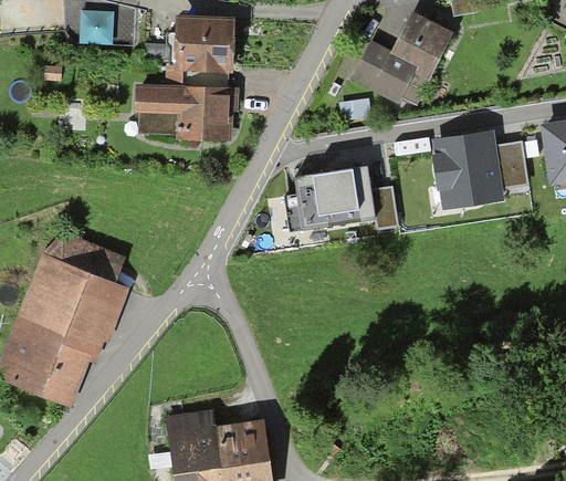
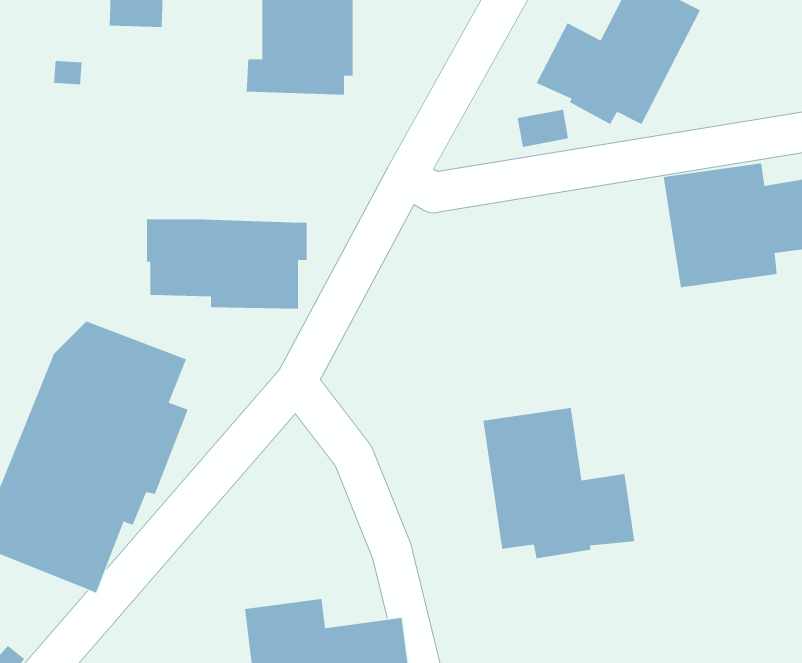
building: [136,85,239,143] -> [146,219,308,309]
building: [283,164,398,232] -> none
building: none -> [483,407,635,559]

